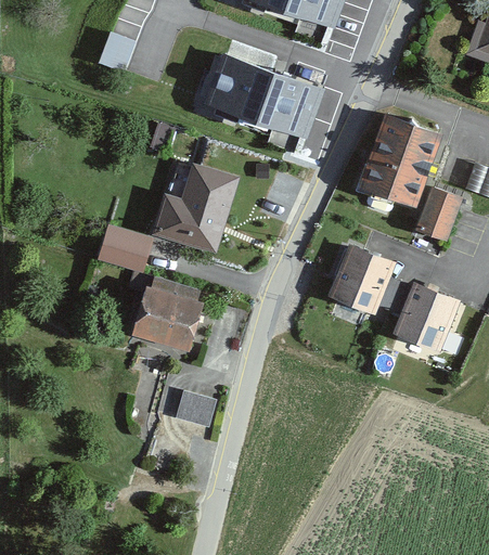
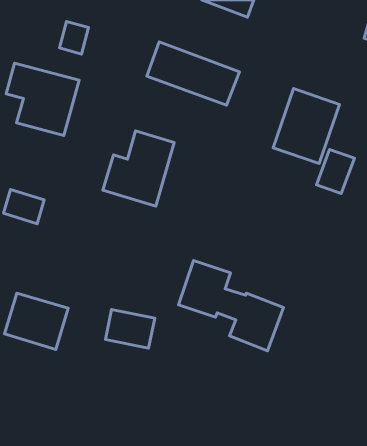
building: none -> [6,63,79,136]
building: [96,227,146,269] -> [4,189,44,224]
building: [329,243,458,353] -> [178,261,284,351]
building: [129,285,207,354] -> [4,293,68,350]

